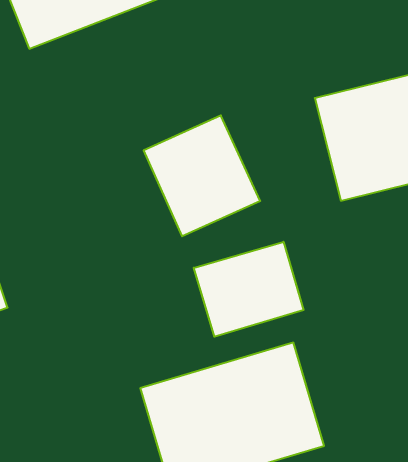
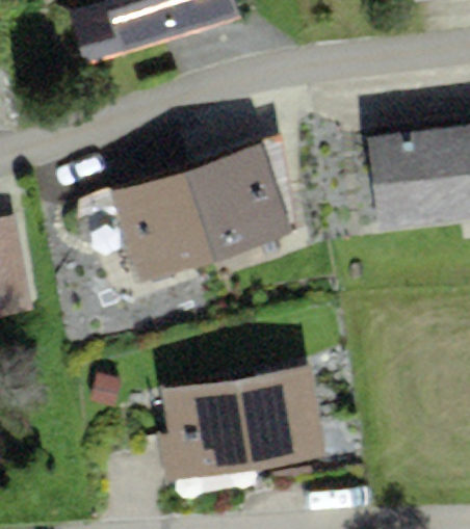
building: none -> [111,166,215,275]
building: [194,242,304,337] -> none

